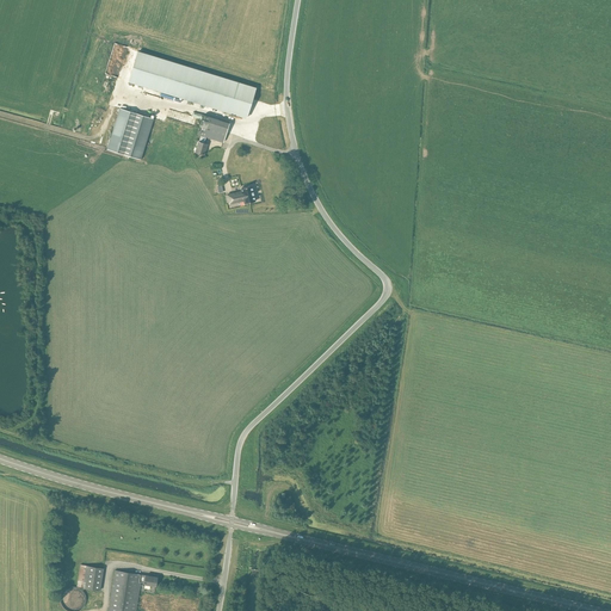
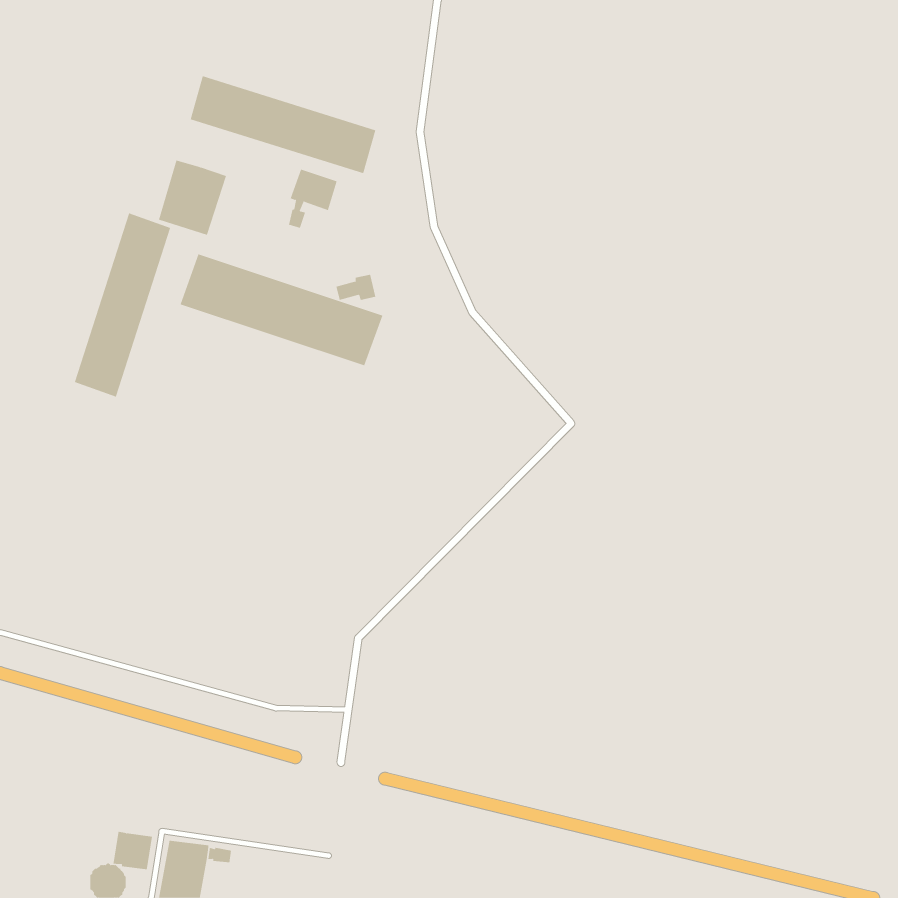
building: none -> [74,213,171,397]
building: none -> [180,254,383,366]

